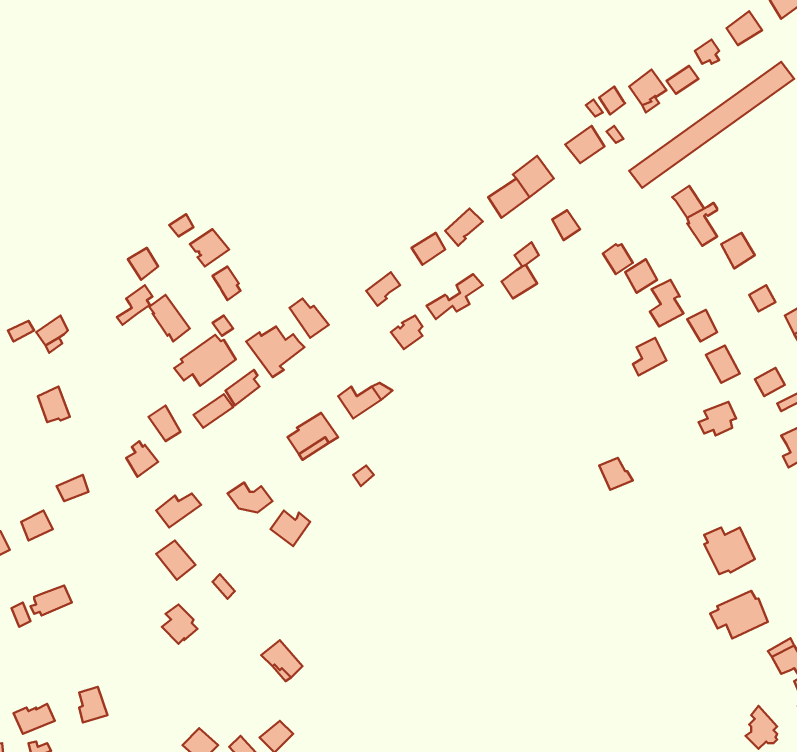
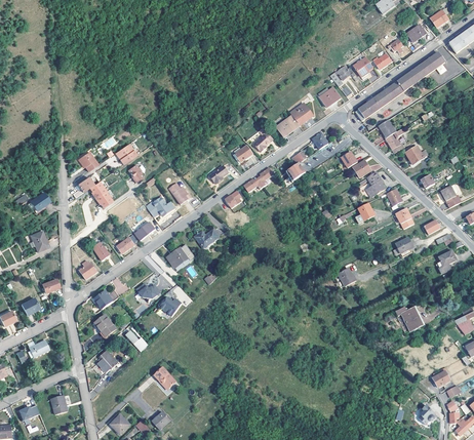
building: [174,335,236,386] -> none
building: [710,591,768,639] -> none

